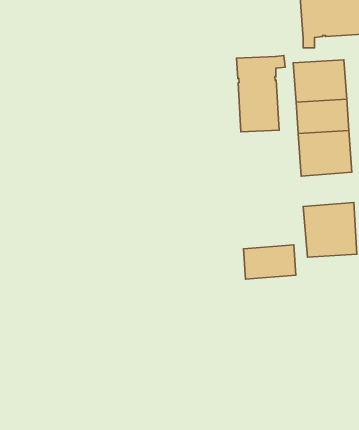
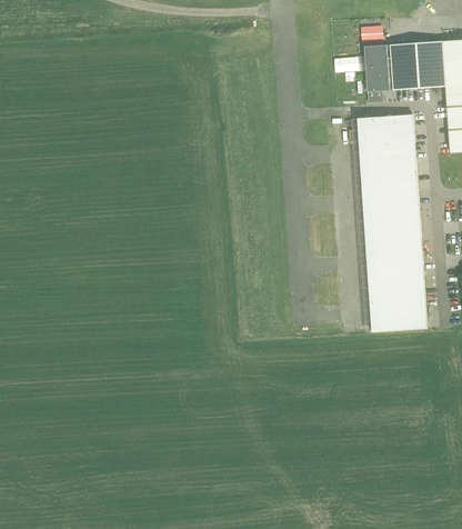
building: [236,55,285,132] -> none
building: [243,245,296,279] -> [365,238,423,276]

